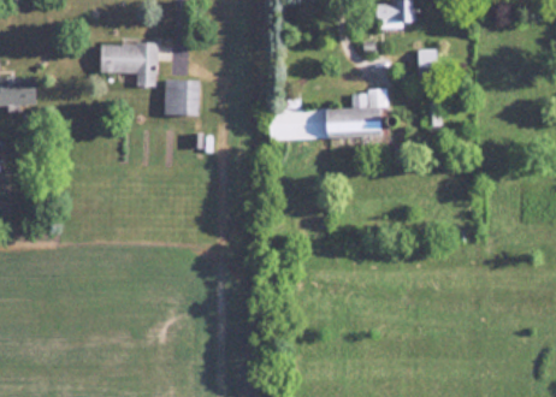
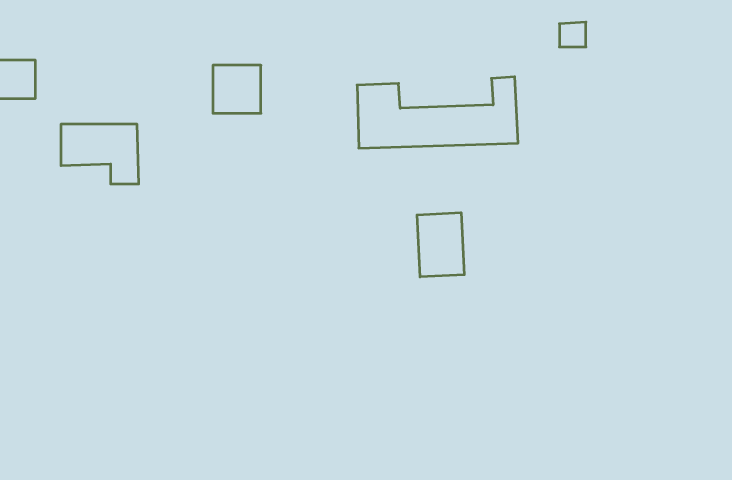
building: [101,43,158,87] -> [61,124,139,184]
building: none -> [417,213,464,277]

